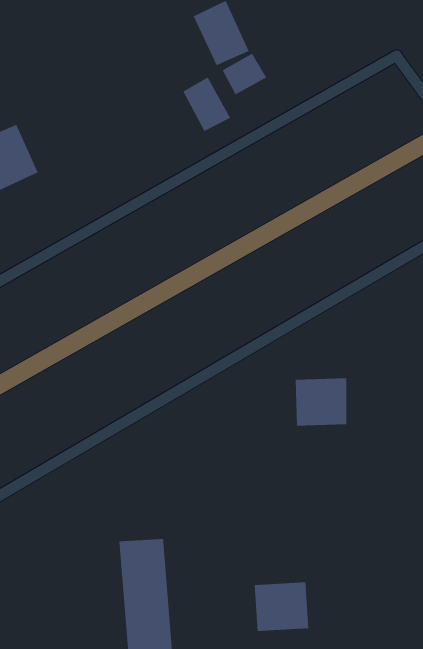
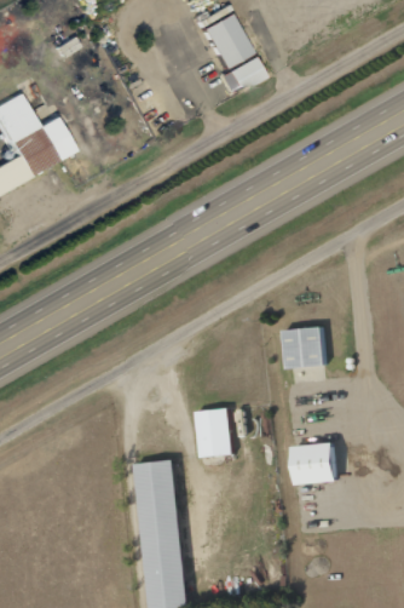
building: [182,76,231,132] -> none
building: none -> [196,408,231,457]
building: [254,582,309,631] -> [289,443,335,484]

